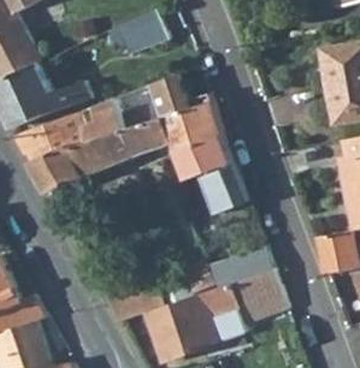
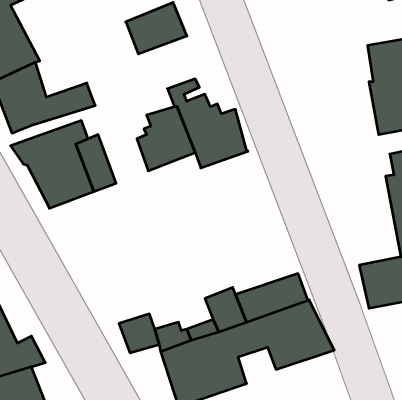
building: [88,99,132,167] -> none
building: [178,140,244,213] -> none

